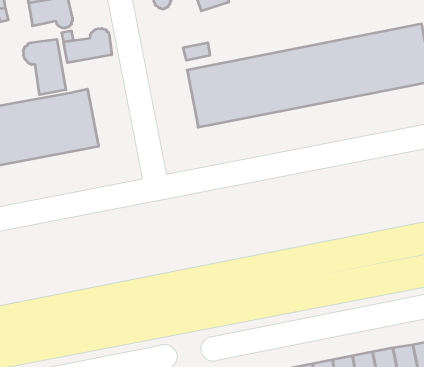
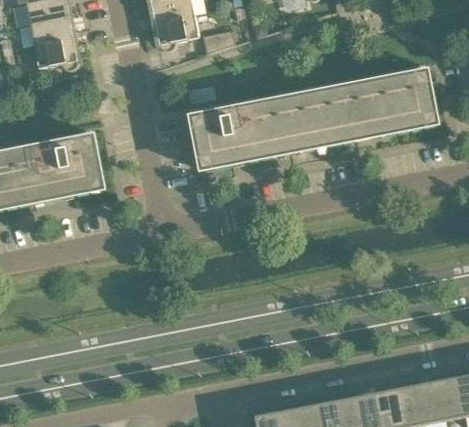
building: [64,28,112,63] -> none
building: [23,39,66,95] -> none

